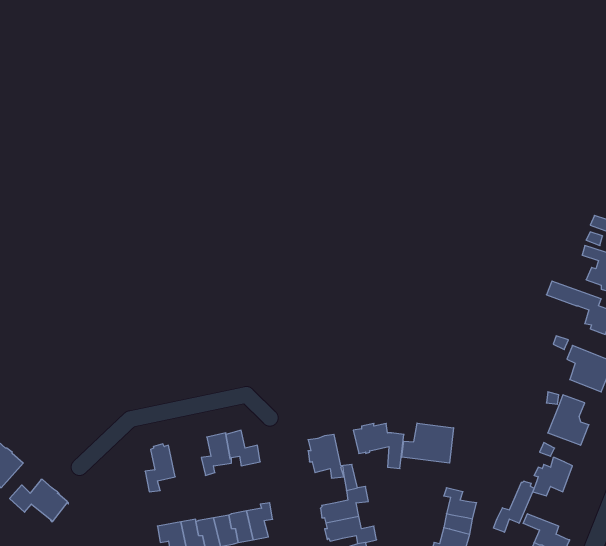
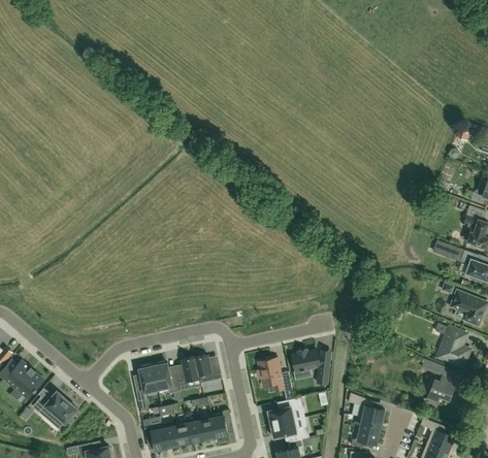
building: [402,423,454,463] -> none
building: none -> [152,362,180,394]
building: [494,481,534,532] -> none

